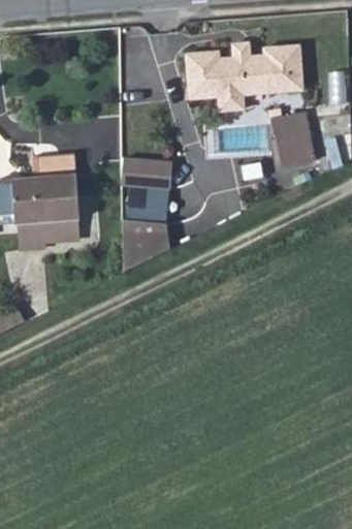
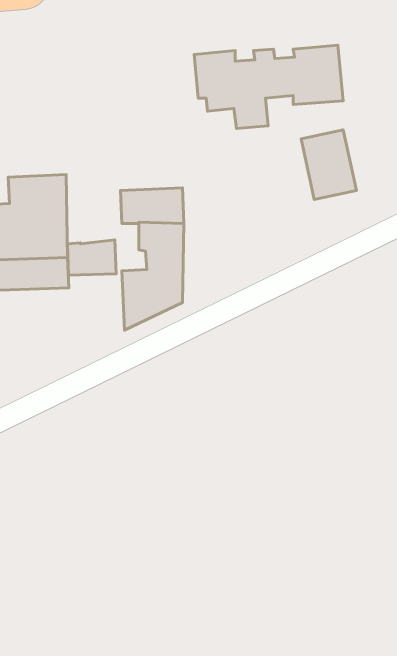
building: none -> [67,240,116,275]

